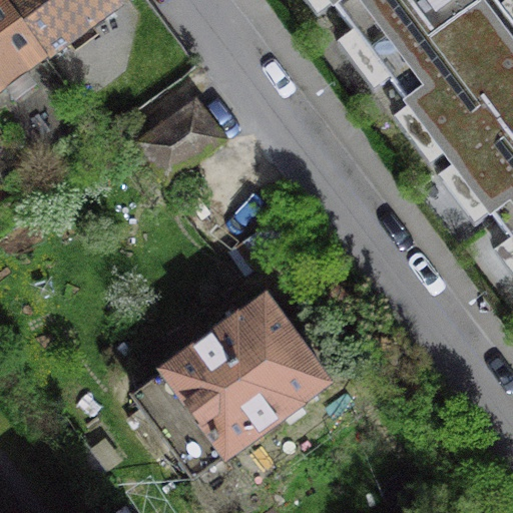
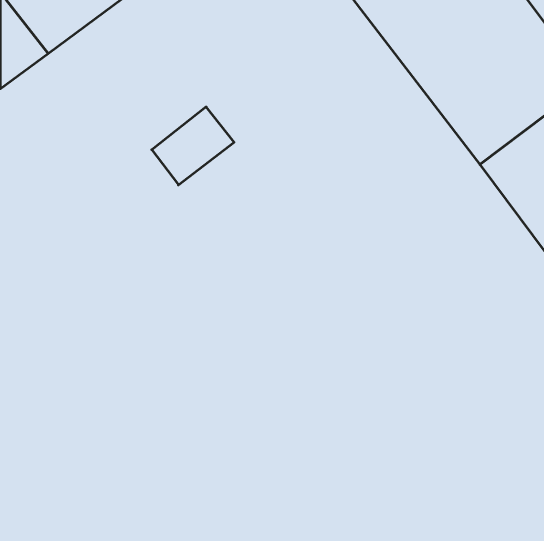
building: [136,296,328,473] -> none

